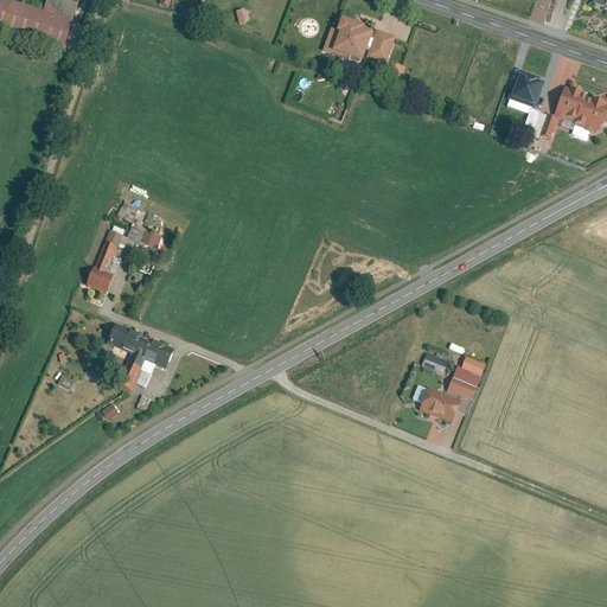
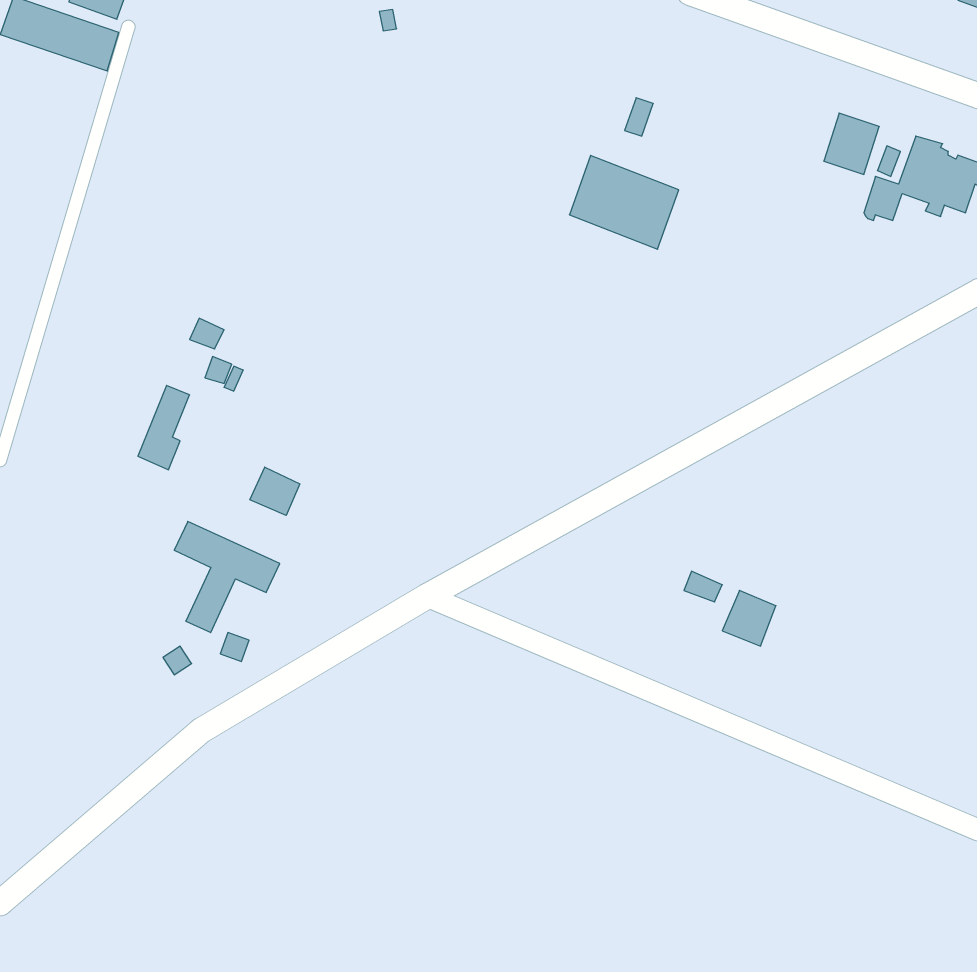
building: [326,15,394,74] -> [569,155,679,249]
building: none -> [250,467,300,515]
building: [422,390,462,424] -> none

